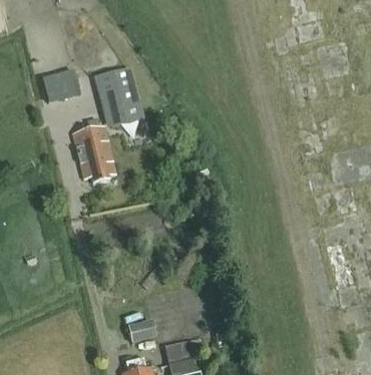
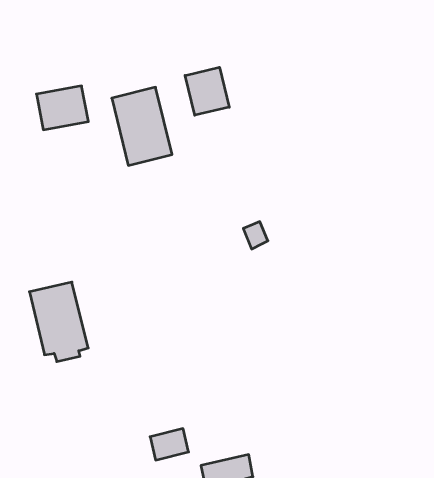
building: none -> [185,67,229,115]
building: [71,125,114,183] -> [29,282,88,362]

